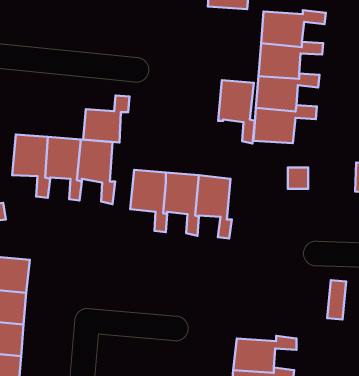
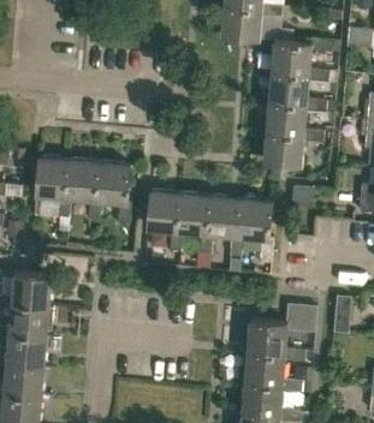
building: [218,80,255,144] -> [238,199,273,260]
building: [83,96,130,143] -> none
building: none -> [248,305,316,353]

